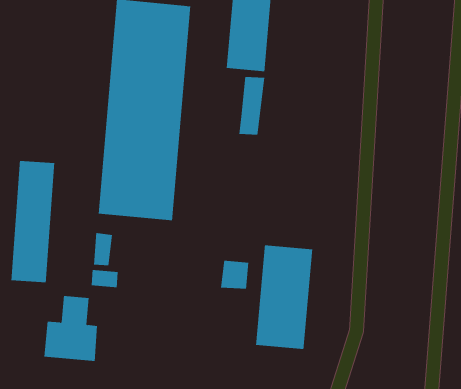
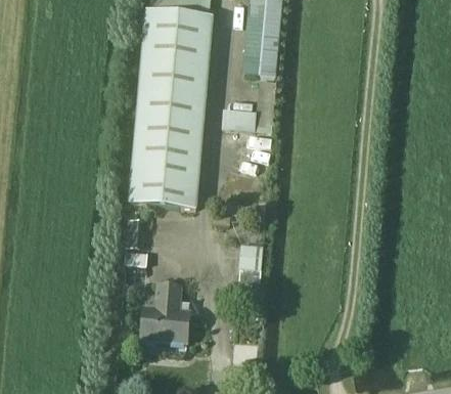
building: [11,160,55,283] -> none
building: [255,245,313,350] -> none
building: [43,296,98,362] -> [140,282,188,341]

